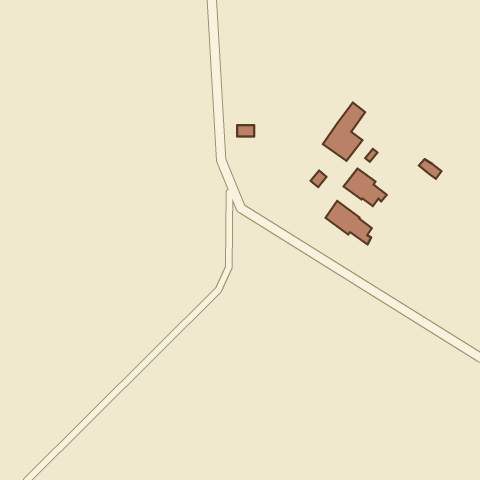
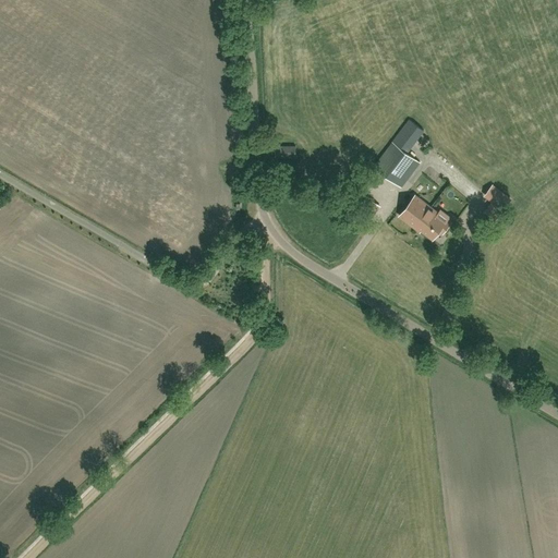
building: [326,201,372,244] -> none

